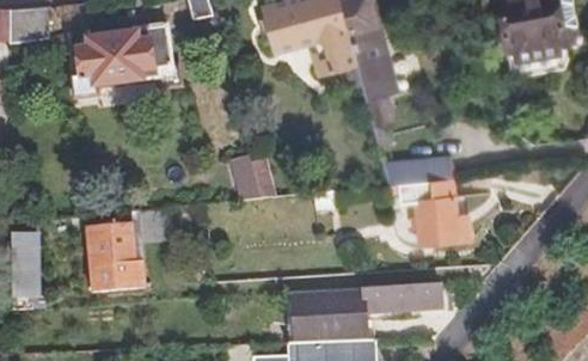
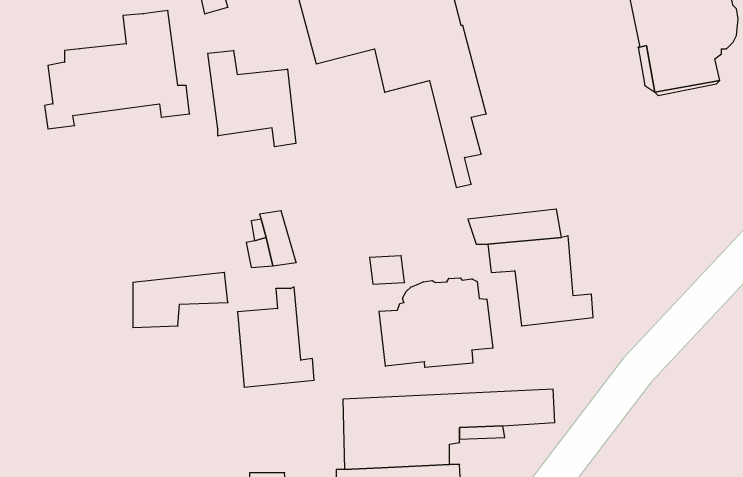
building: none -> [208,50,296,147]
building: none -> [379,278,493,367]
building: [88,218,143,289] -> [237,287,314,387]

